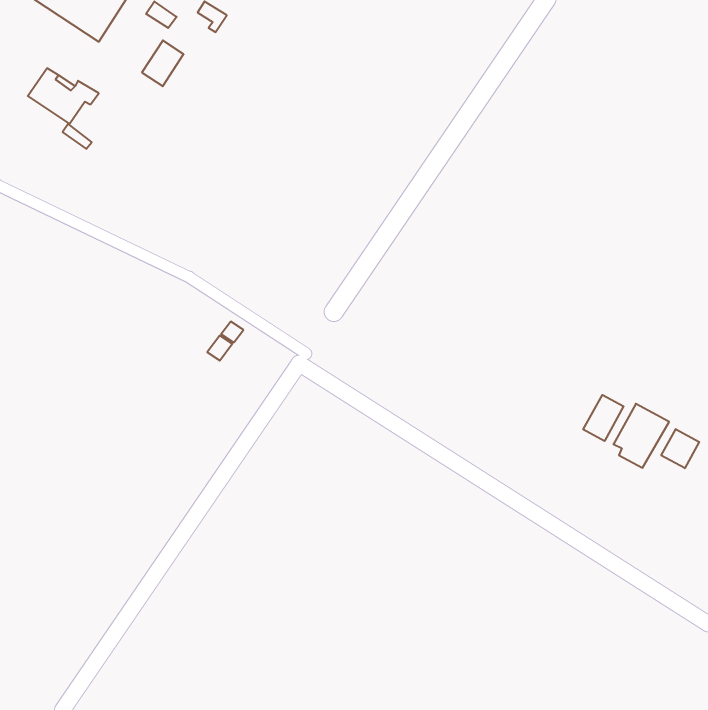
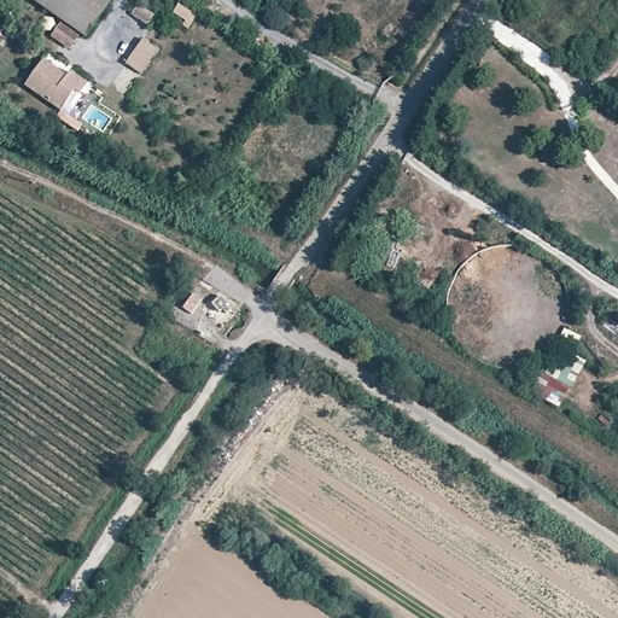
building: [583,395,624,441] -> none
building: [661,429,699,468] -> none

